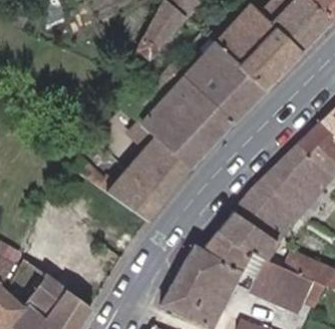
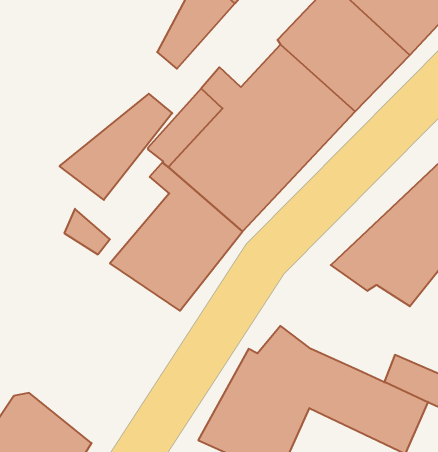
building: none -> [60,94,172,200]
building: [217,191,302,260] -> none

